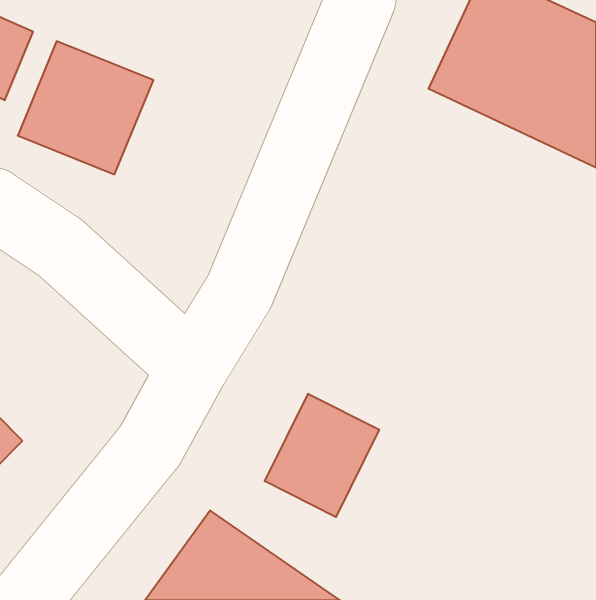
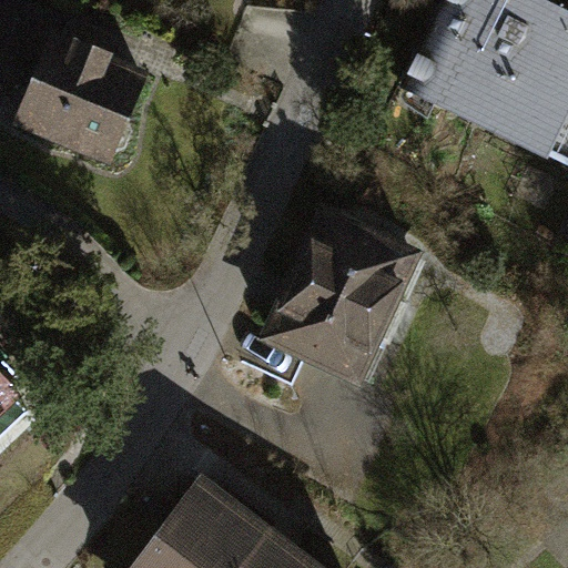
building: none -> [253,210,426,392]
building: [265,394,379,517] -> none

